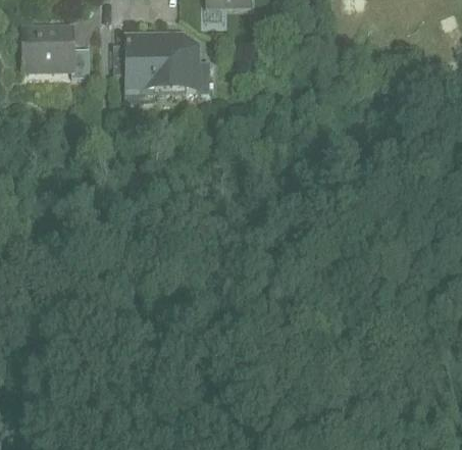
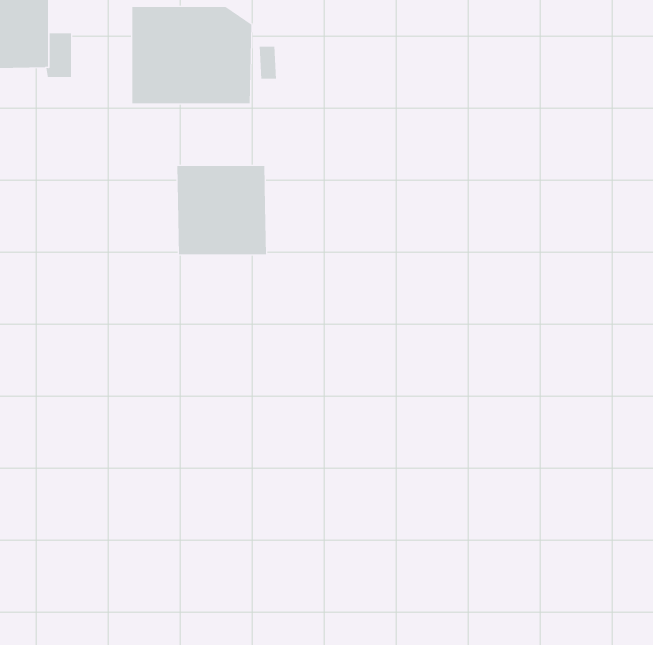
building: none -> [177,165,267,255]

